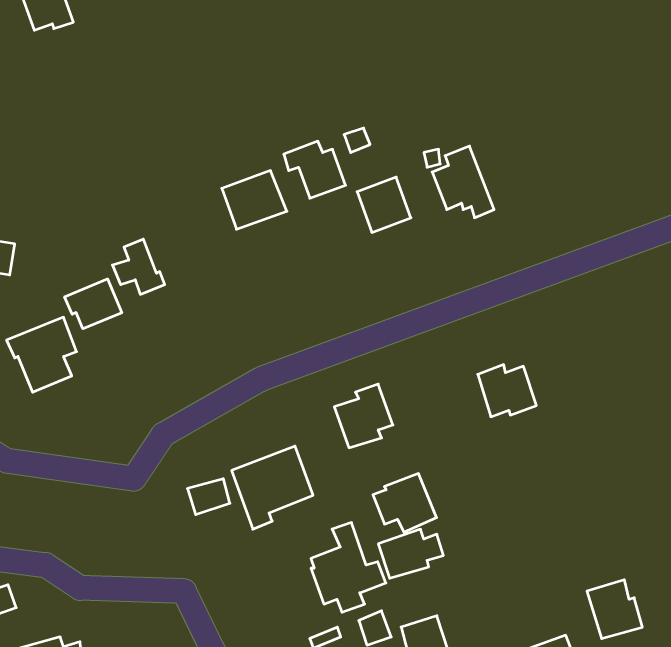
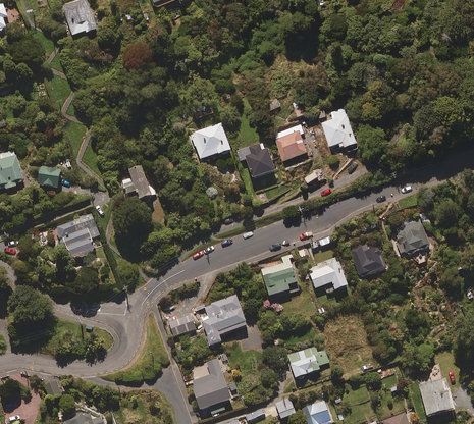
building: [284,141,346,198] -> [236,143,275,178]
building: [65,279,122,329] -> none
building: none -> [394,219,429,256]
building: [373,474,437,532] -> [308,257,348,294]
building: [311,523,386,612] -> [192,359,239,415]

